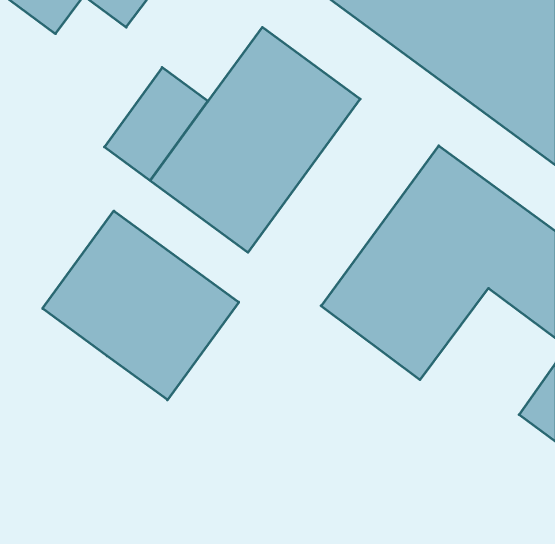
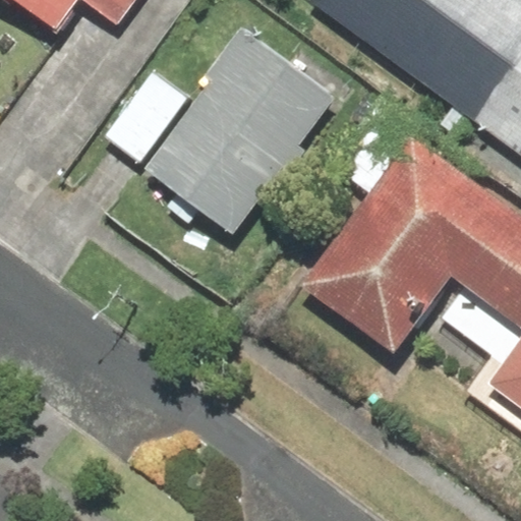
building: [43,211,239,400] -> none

